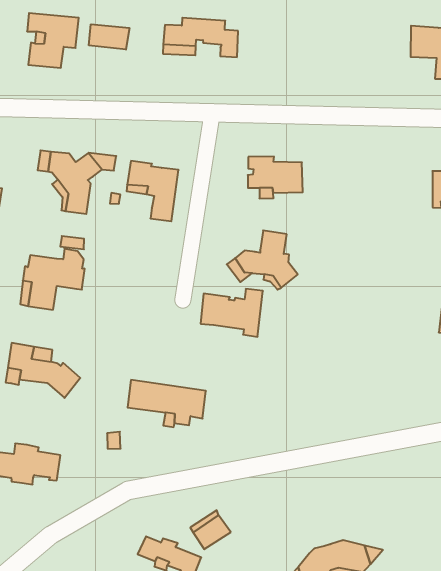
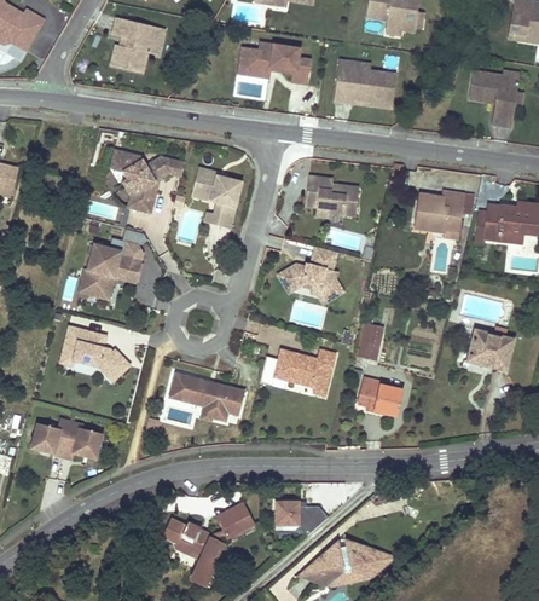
building: [89,24,129,50] -> none
building: none -> [336,58,398,106]
building: none -> [415,190,471,229]
building: [201,289,263,337] -> [273,349,335,395]
building: none -> [355,322,383,358]
building: none -> [360,376,400,412]
building: none -> [276,502,329,534]

